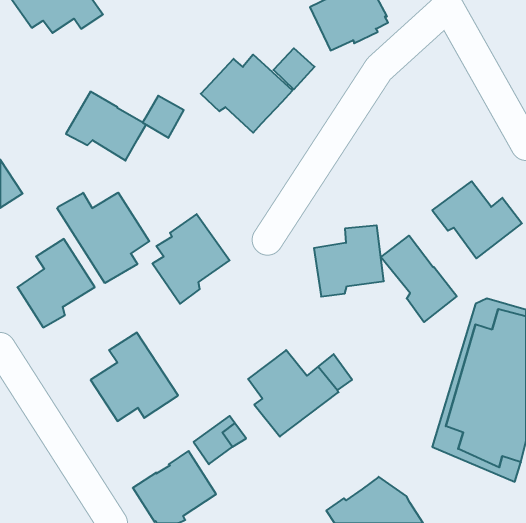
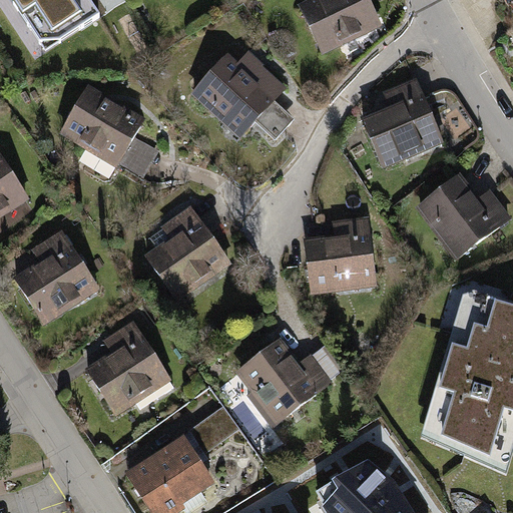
building: [273,48,315,89] -> [254,99,295,139]
building: none -> [364,80,443,162]
building: [143,96,184,138] -> [119,135,159,176]
building: [57,193,149,283] -> none
building: [381,236,457,322] -> none

